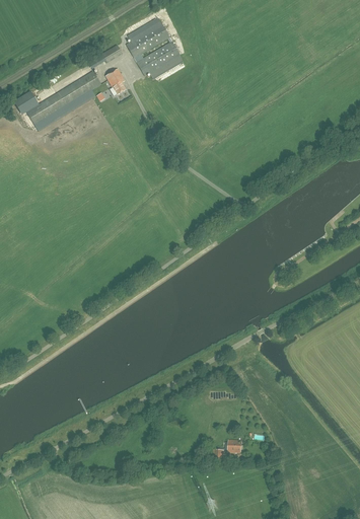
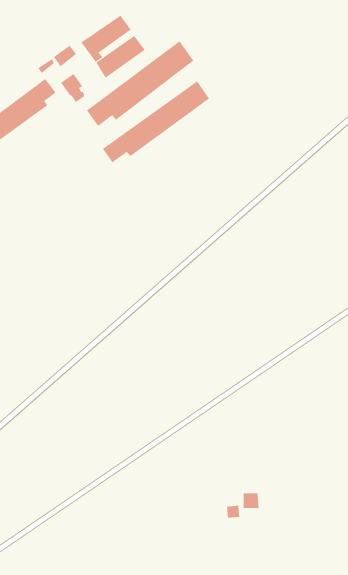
building: none -> [86,41,194,127]
building: none -> [102,80,210,163]

